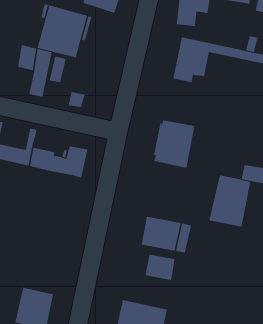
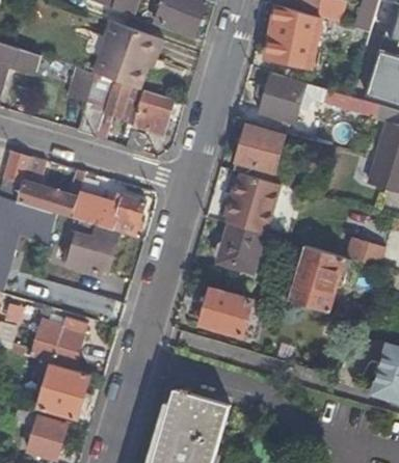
building: none -> [131,89,174,135]
building: none -> [233,122,286,181]
building: none -> [218,223,263,271]
building: none -> [69,219,119,274]
building: none -> [31,318,86,367]
building: [145,254,175,281] -> none

